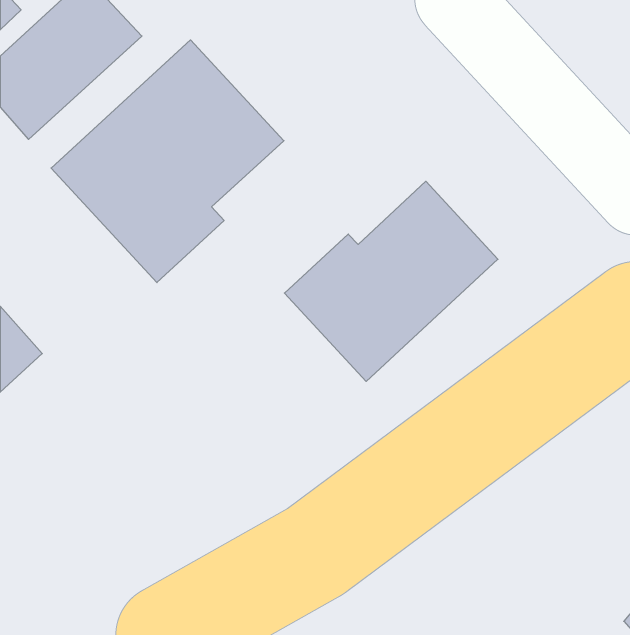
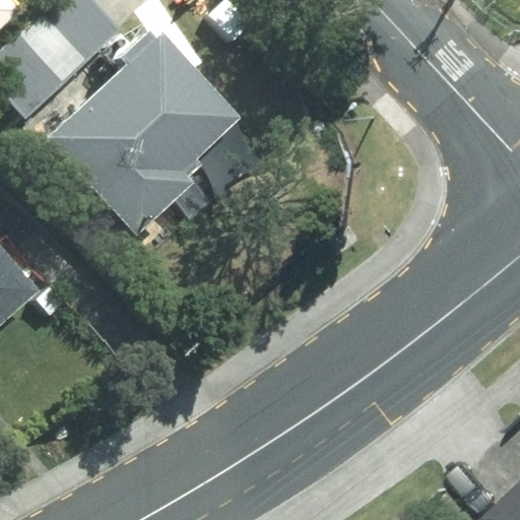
building: [284,181,498,381] -> none

